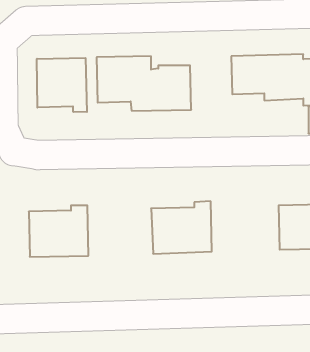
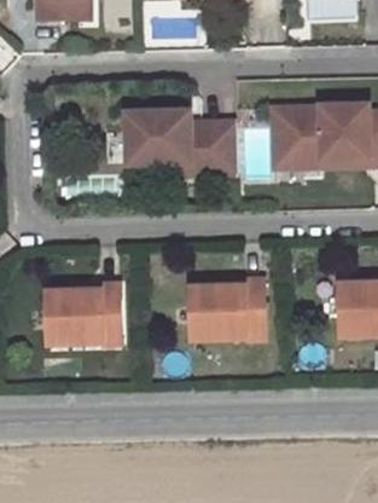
building: none -> [271,109,367,170]
building: [37,58,87,112] -> none

